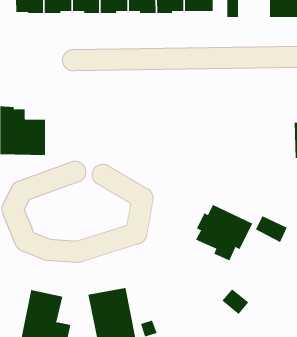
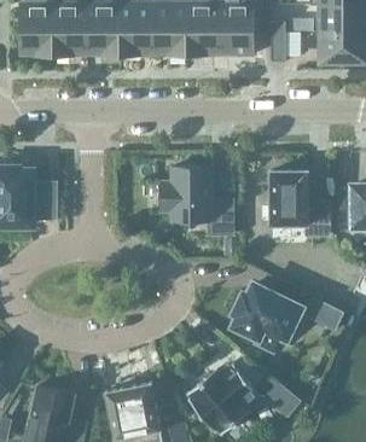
building: none -> [161,165,234,234]
building: none -> [272,170,330,234]
building: none -> [187,364,257,430]

